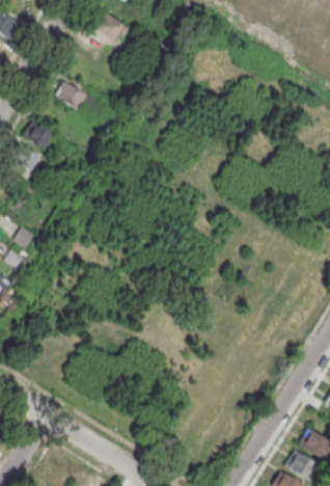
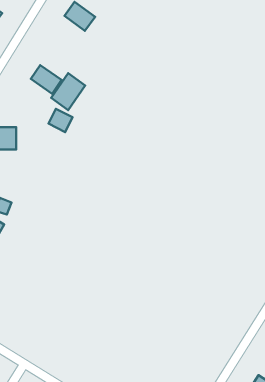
building: none -> [51,73,85,110]
building: [26,125,53,151] -> [48,109,73,132]

